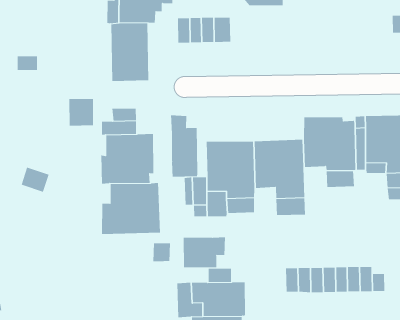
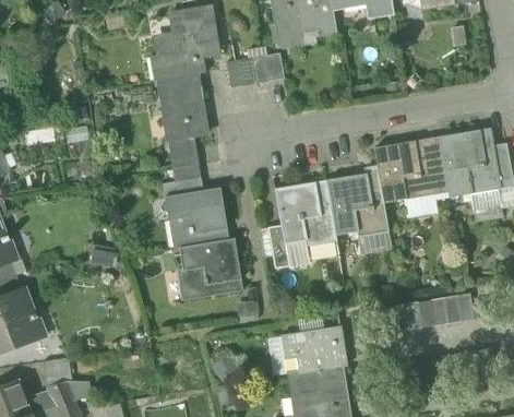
building: [69,98,94,126] -> [167,135,198,168]
building: [171,115,198,177] -> none
building: [183,237,226,268] -> none

